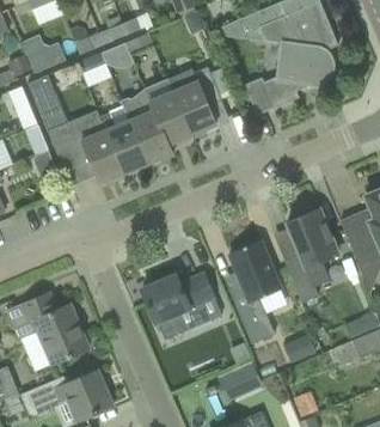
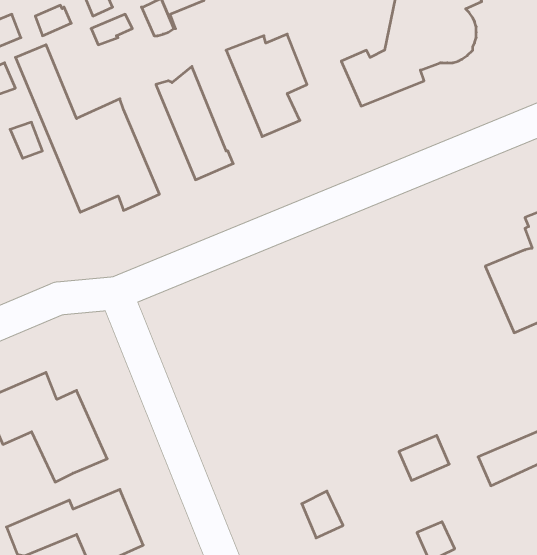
building: [145,78,194,145] -> none
building: [99,106,147,173] -> none
building: [283,209,338,303] -> none
building: [227,239,280,342] -> none
building: [141,274,221,338] -> none

